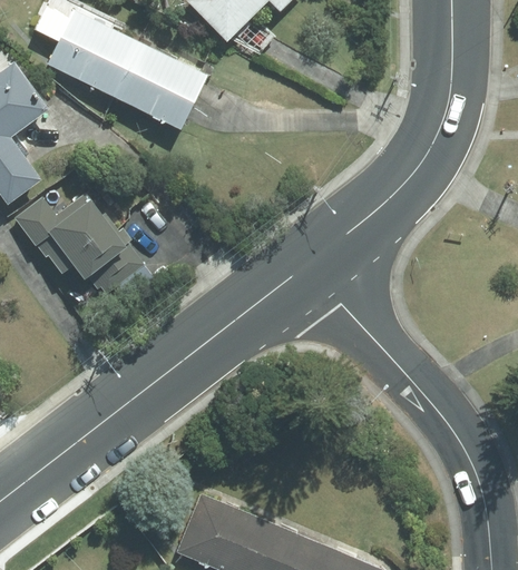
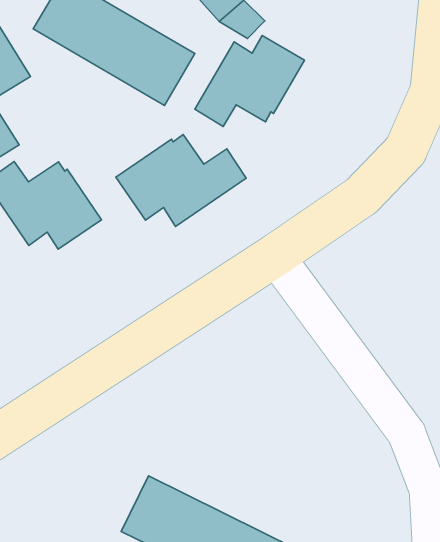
building: none -> [195,36,305,126]
building: none -> [116,135,246,226]

